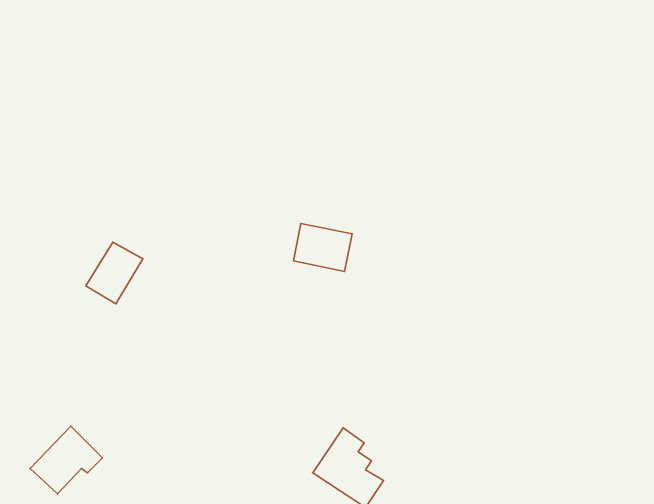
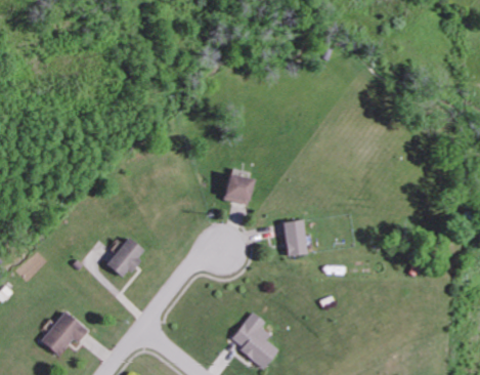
building: [86,242,143,304] -> [105,237,144,279]
building: none -> [281,218,308,256]

